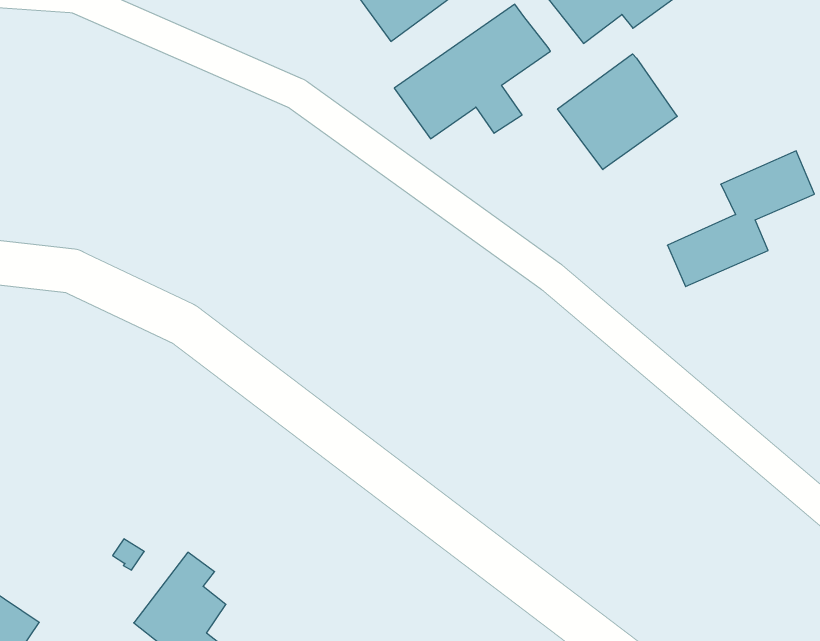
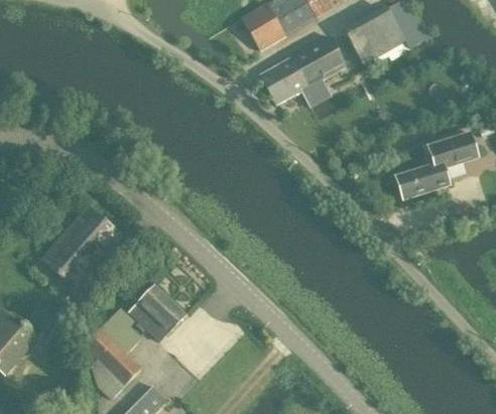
building: [558,54,677,170] -> none
building: none -> [41,206,120,288]
building: none -> [130,284,185,339]

